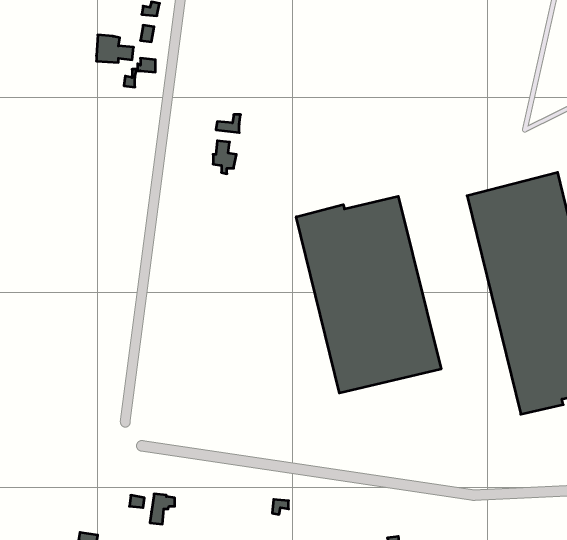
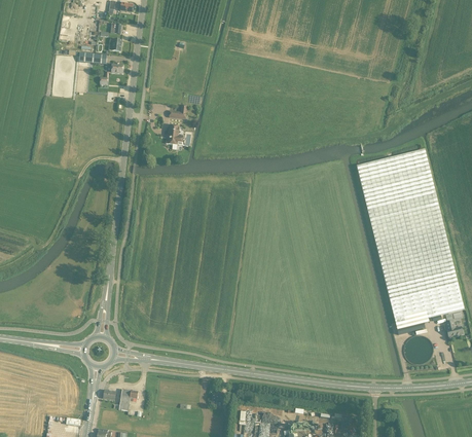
building: [296,196,441,393] -> none

